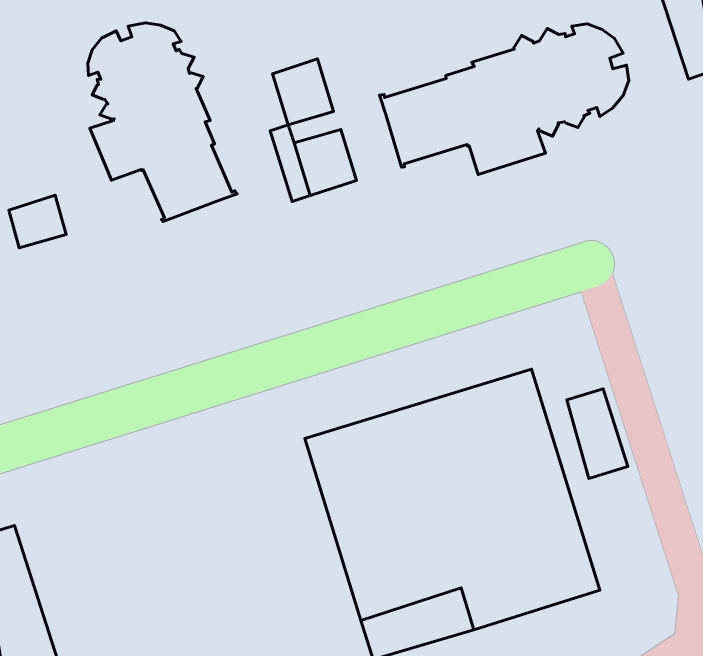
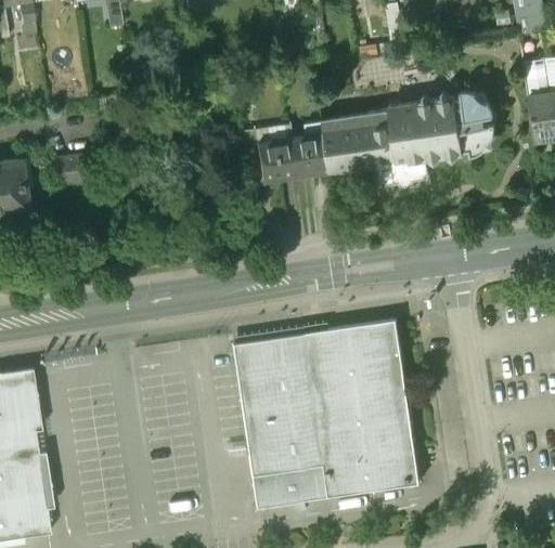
building: [88,23,237,221] -> none
building: [273,59,333,125] -> [291,132,328,174]
building: [567,389,628,479] -> none

